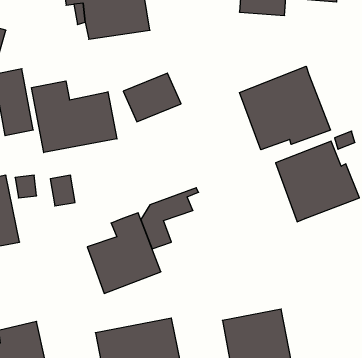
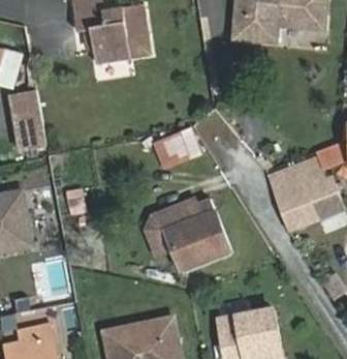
building: [239,66,330,150] -> none
building: [123,73,181,122] -> [148,126,200,171]
building: [32,81,117,153] -> none
building: [87,213,161,293] -> [165,198,232,271]

